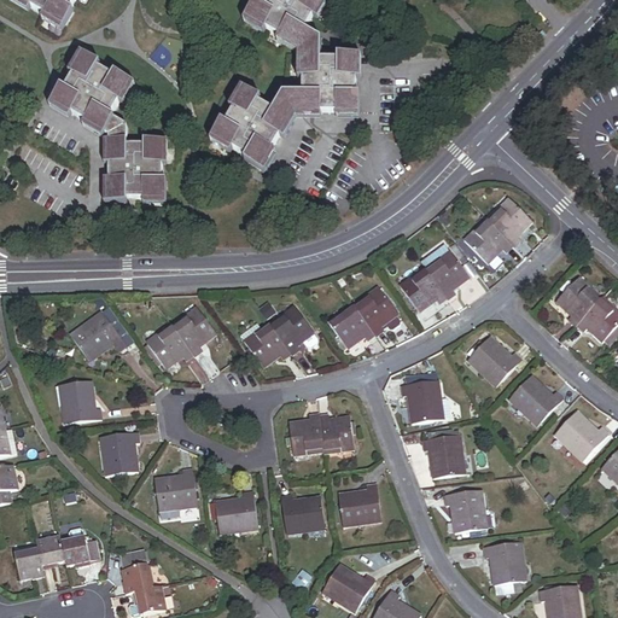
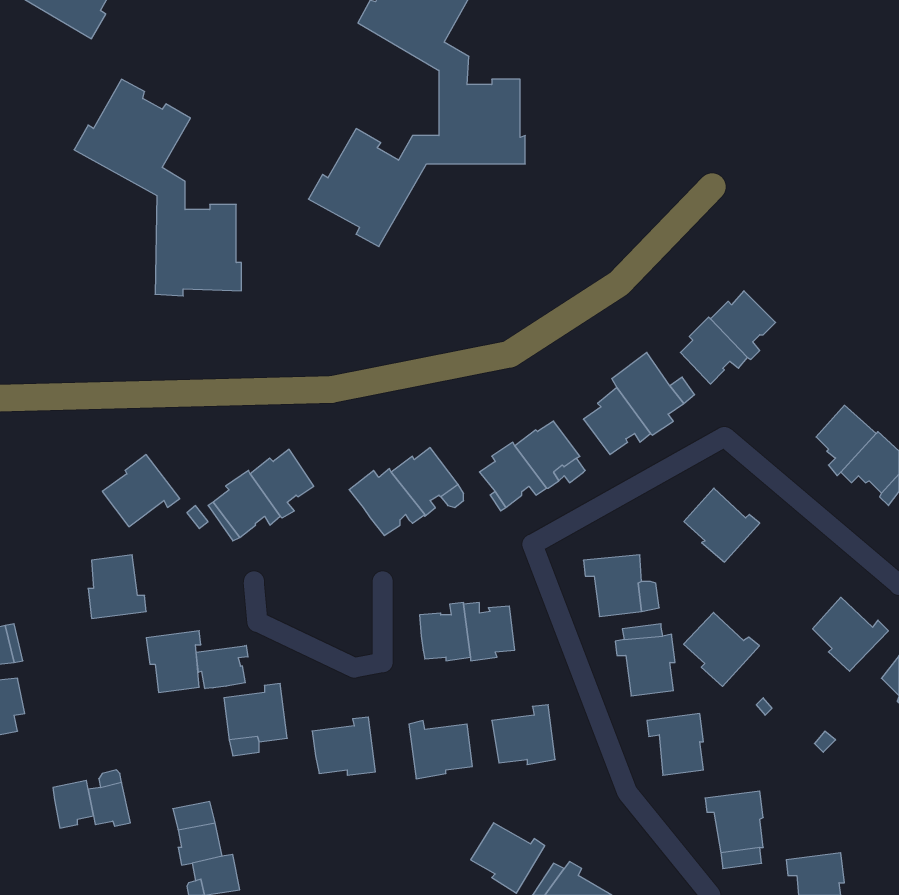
building: [511,374,562,425] -> [684,612,759,686]
building: none -> [196,645,248,689]
building: [13,548,43,578] -> none

